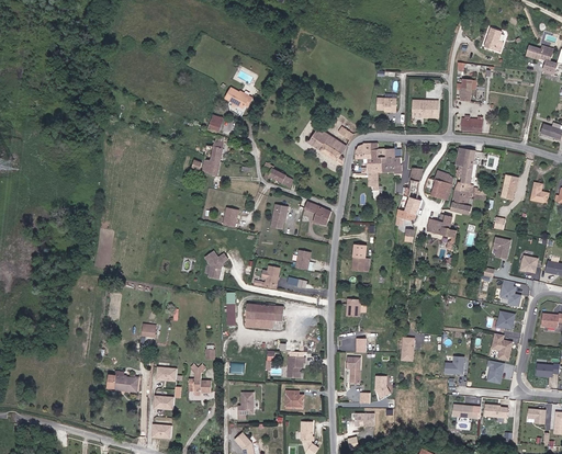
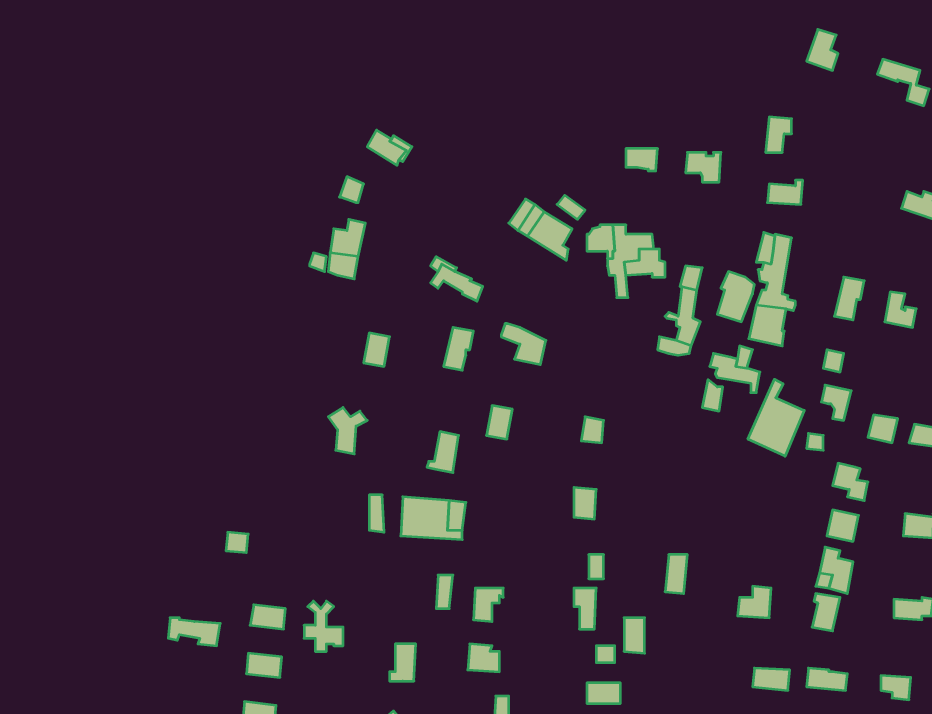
building: none -> [748,379,804,456]

